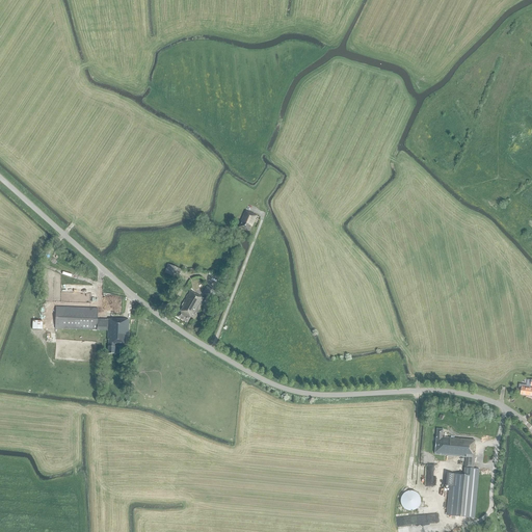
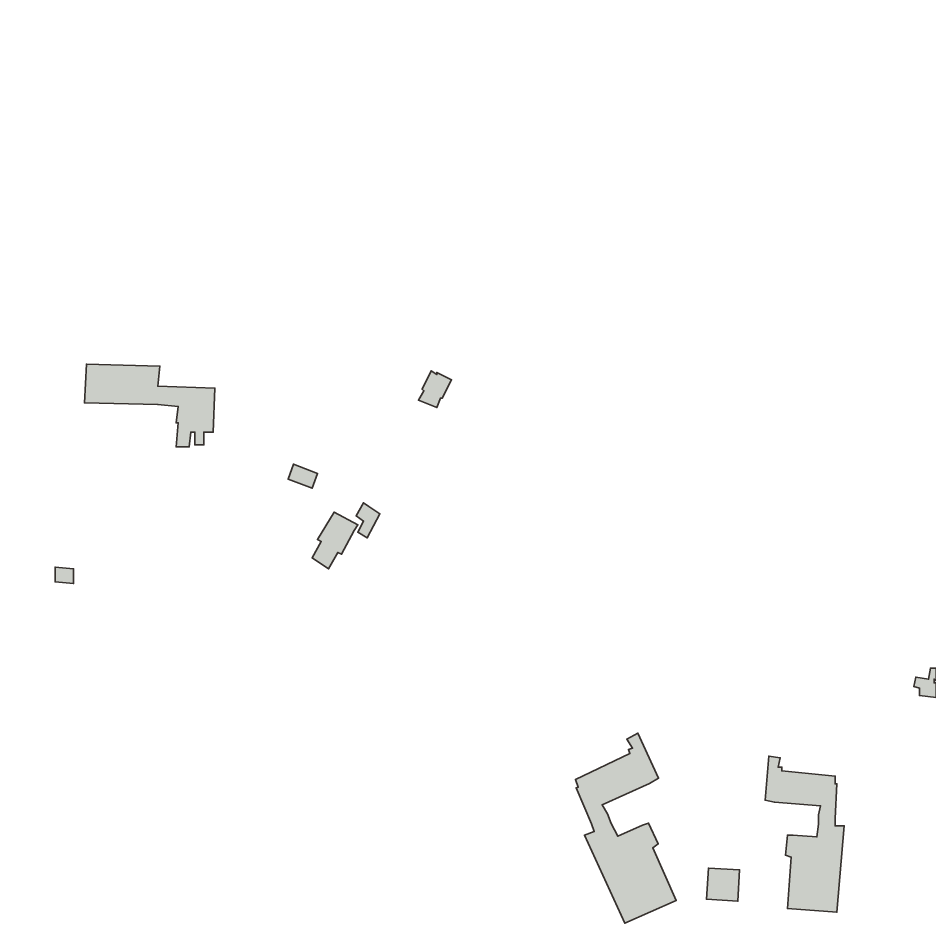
building: [54,305,128,352] -> [85,364,215,447]
building: none -> [575,733,676,923]

